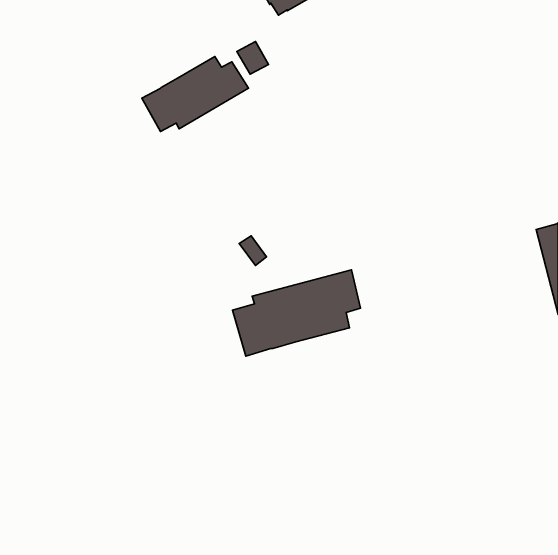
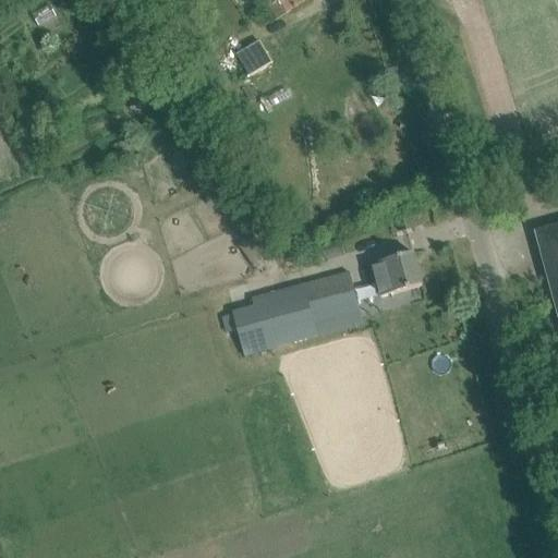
building: [142,57,248,132] -> none
building: none -> [372,251,423,294]

